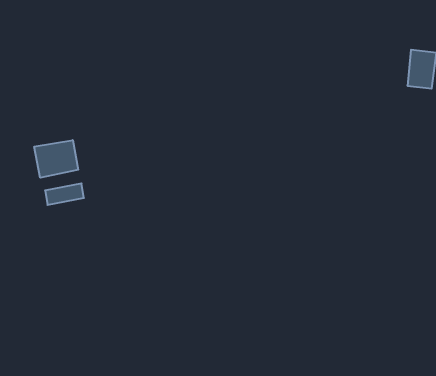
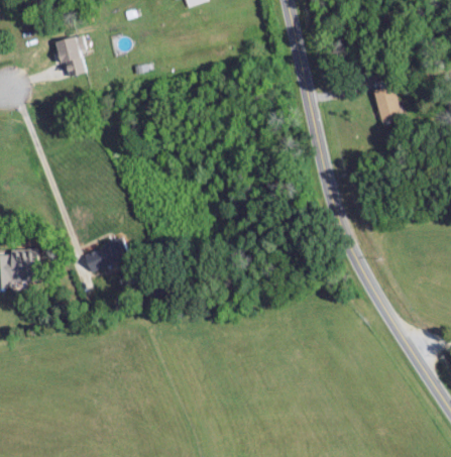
building: [34,140,78,178] -> none

